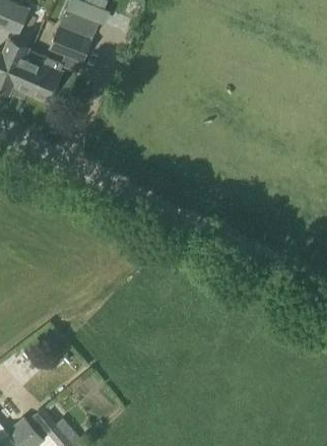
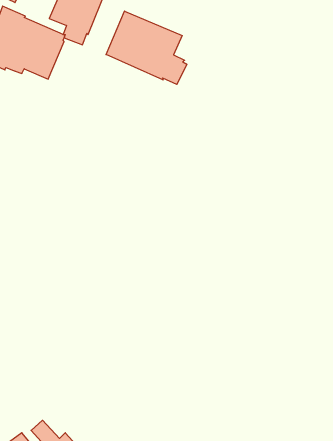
building: none -> [106,11,187,84]

